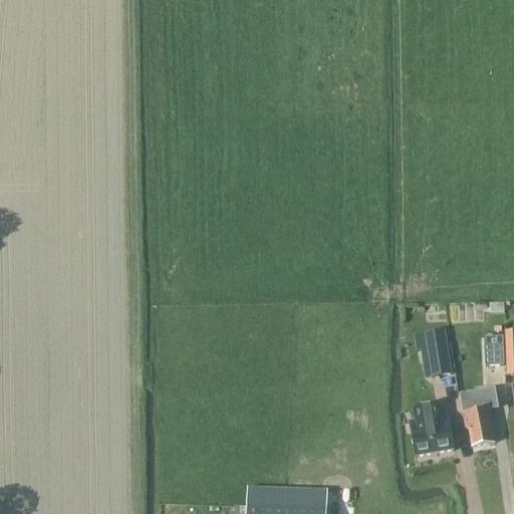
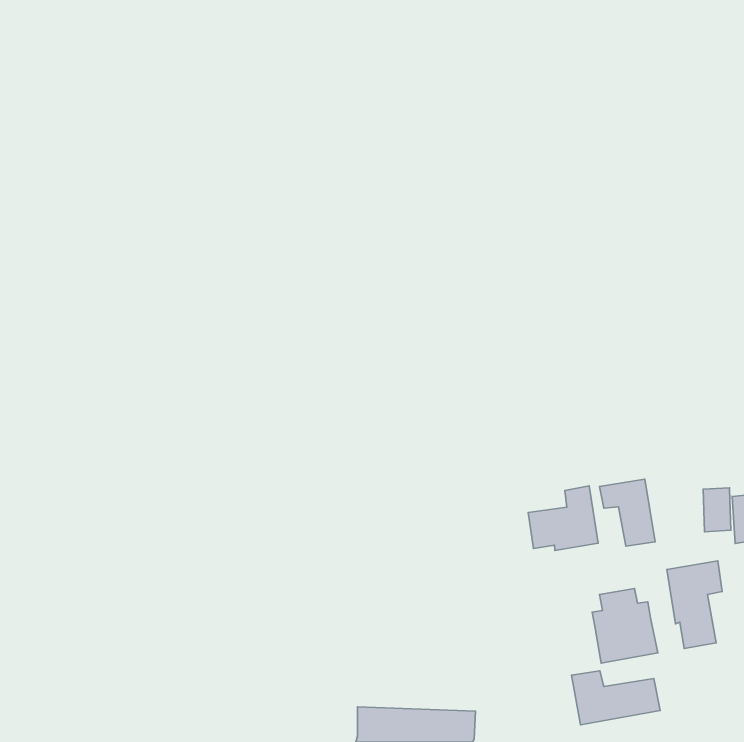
building: none -> [528,486,598,550]
building: none -> [572,671,660,725]

